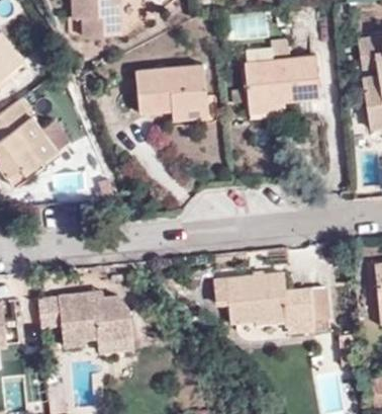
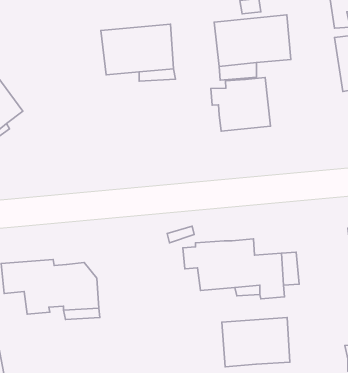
building: none -> [211,78,270,131]
building: none -> [222,318,290,367]

